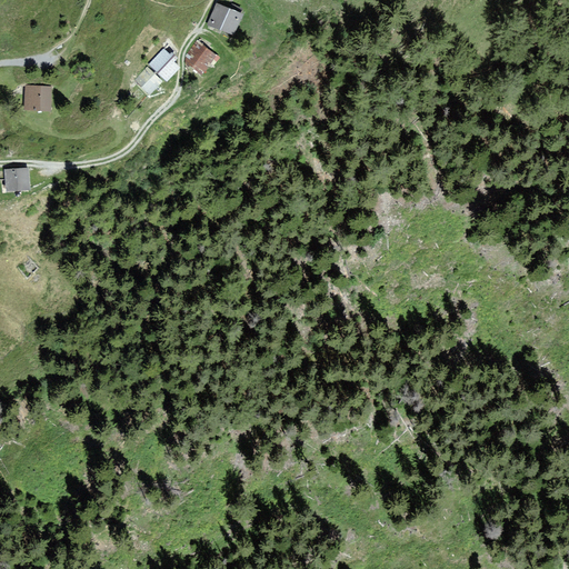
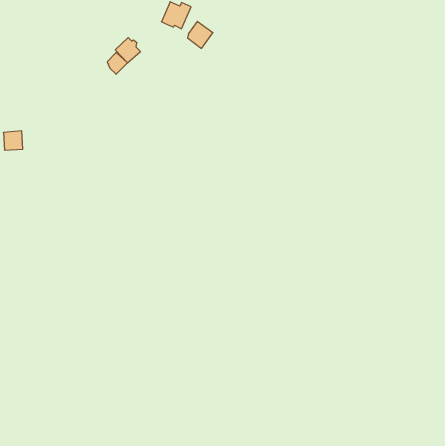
building: [186,42,218,77] -> [188,21,213,48]
building: [24,86,49,110] -> none

